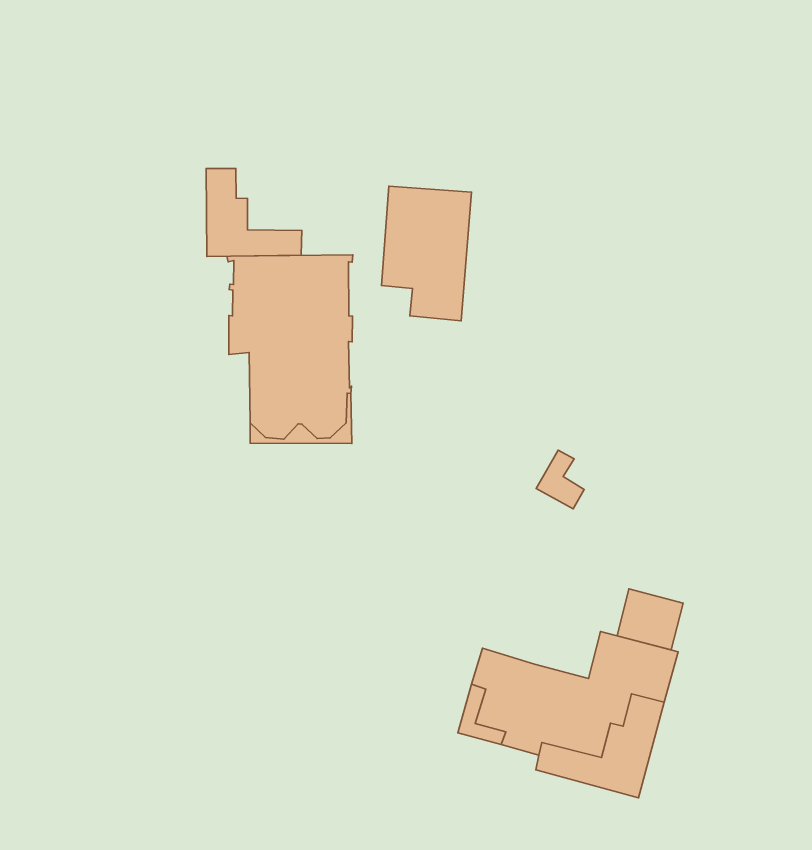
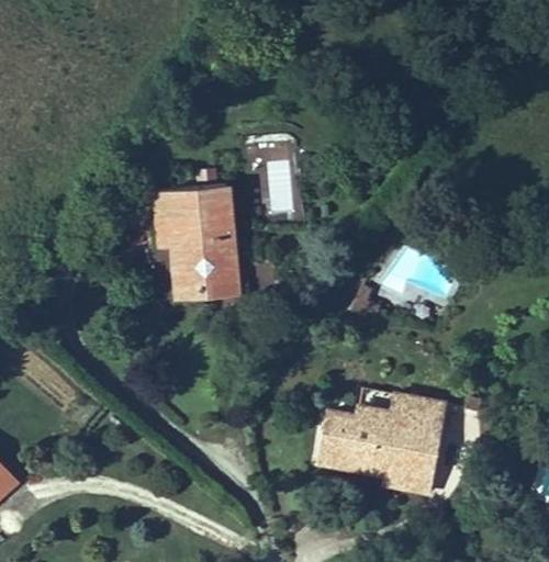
building: [206,168,302,256] -> none
building: [617,589,683,650] -> [359,390,396,424]

